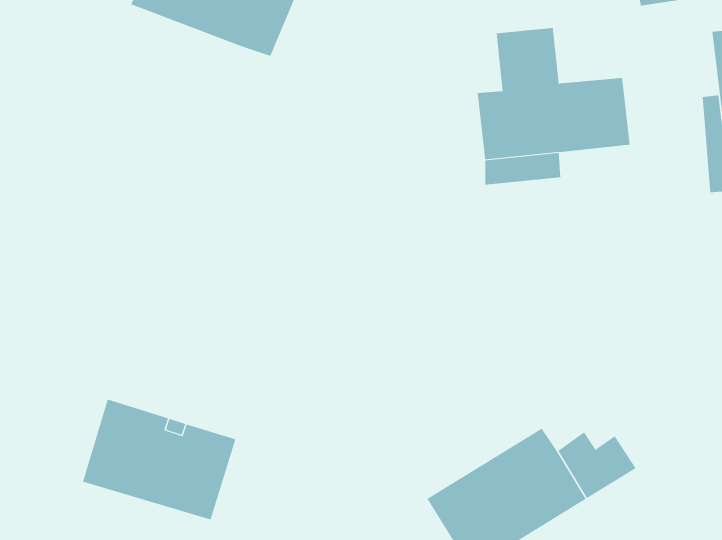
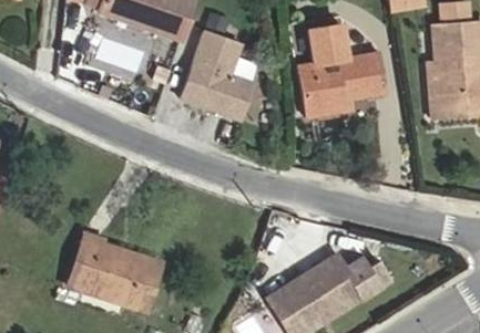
building: none -> [176,33,251,124]

